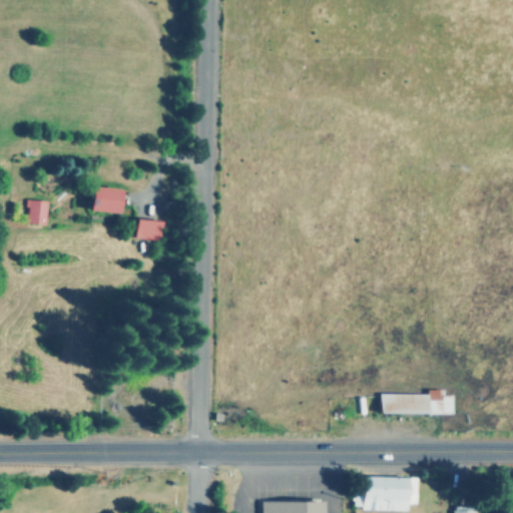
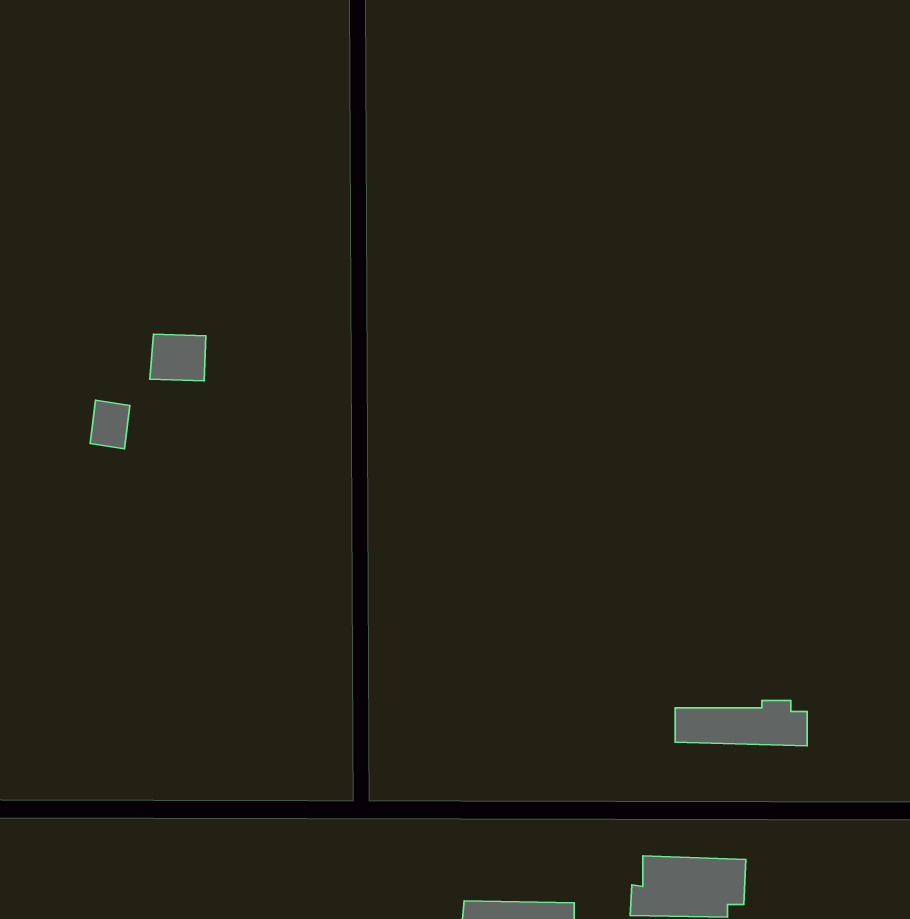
building: [29,199,51,226] -> [90,400,130,449]
building: [137,220,163,240] -> none

